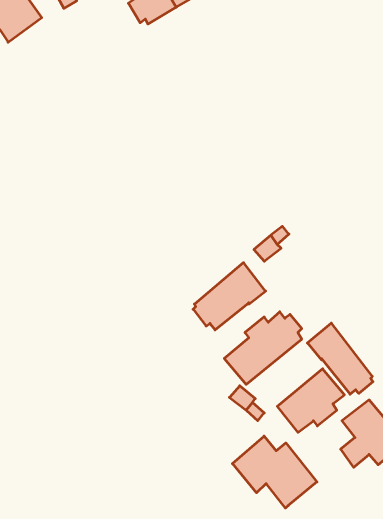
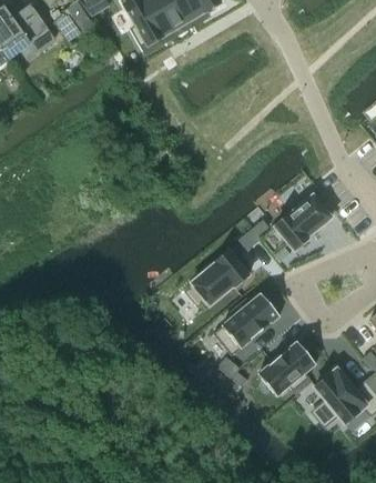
building: none -> [275,194,332,250]
building: [307,323,373,394] -> none
building: [232,436,317,508] -> none

